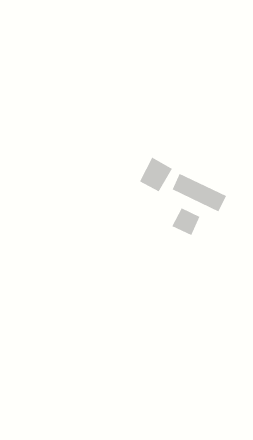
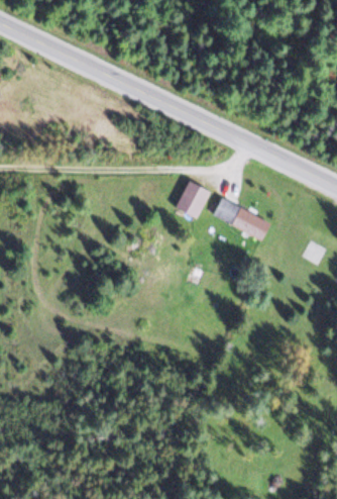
building: [172,207,200,236] -> none

